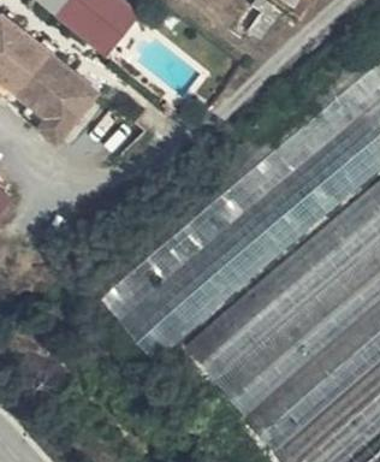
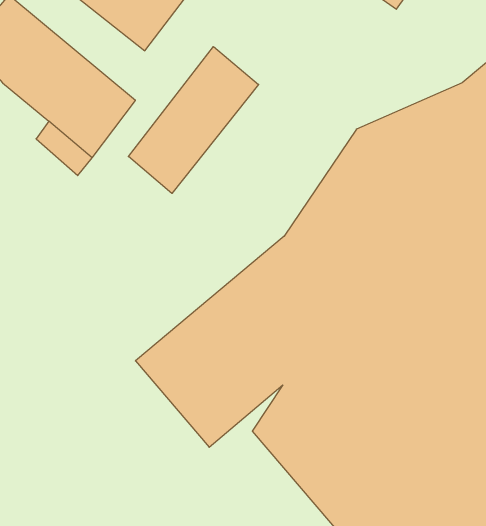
building: none -> [128,47,259,193]

